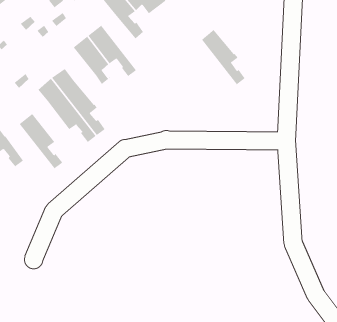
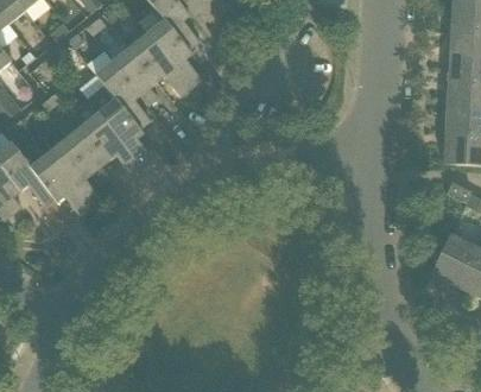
building: [201,29,245,85] -> [147,19,201,87]
building: none -> [95,59,150,128]
building: none -> [64,125,109,183]
building: none -> [31,152,90,215]

